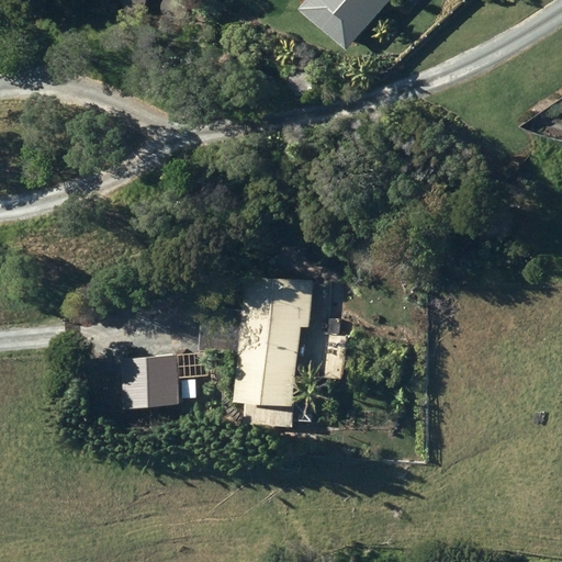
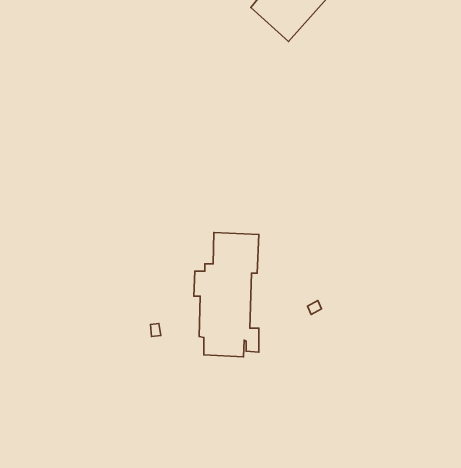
building: [121,353,178,408] -> none

